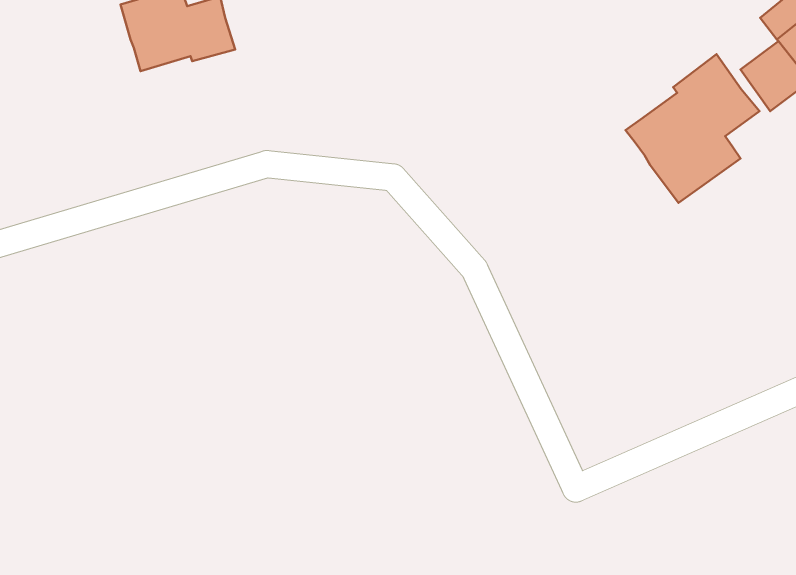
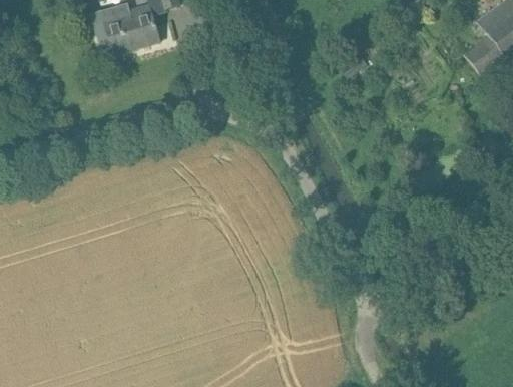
building: [626,54,759,203] -> none

